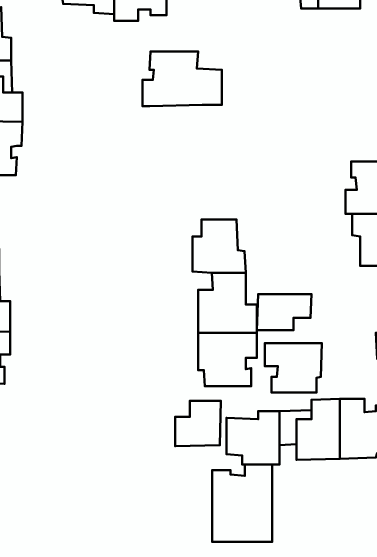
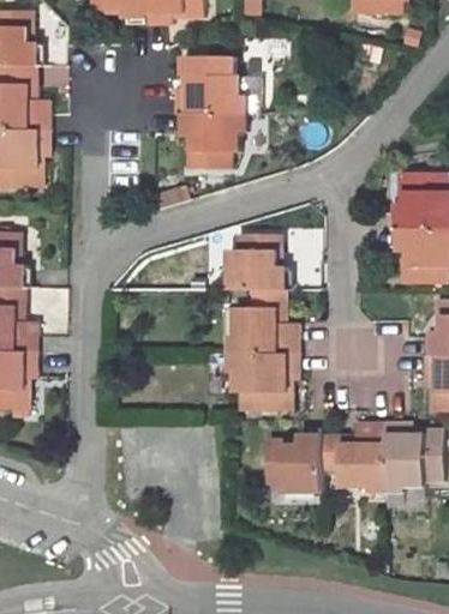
building: none -> [182,113,239,167]
building: [257,294,312,330] -> none
building: [265,343,322,392] -> none
building: [175,401,221,446] -> none
building: [212,464,272,542] -> none

